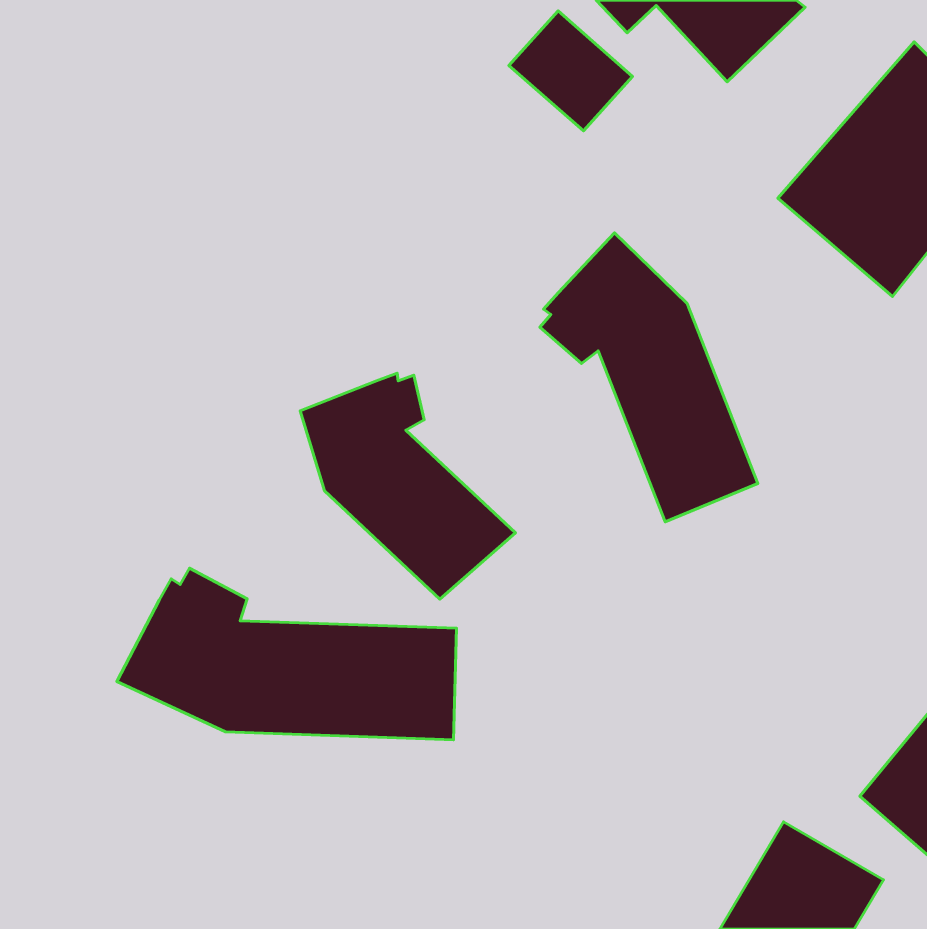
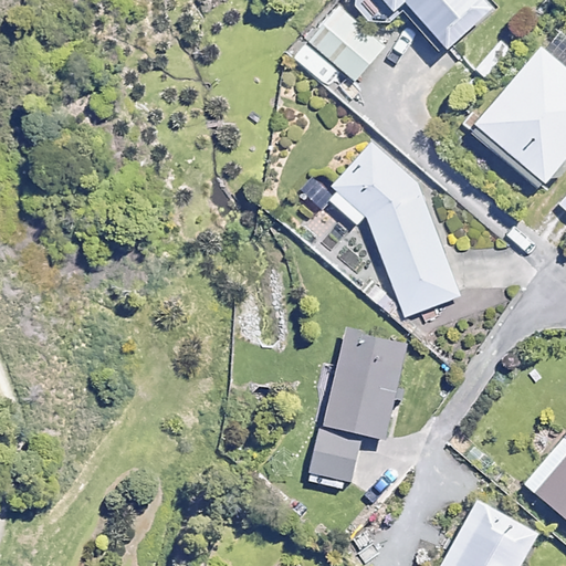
building: [300,373,515,599] -> none
building: none -> [306,328,407,489]
building: [117,568,457,740] -> none

